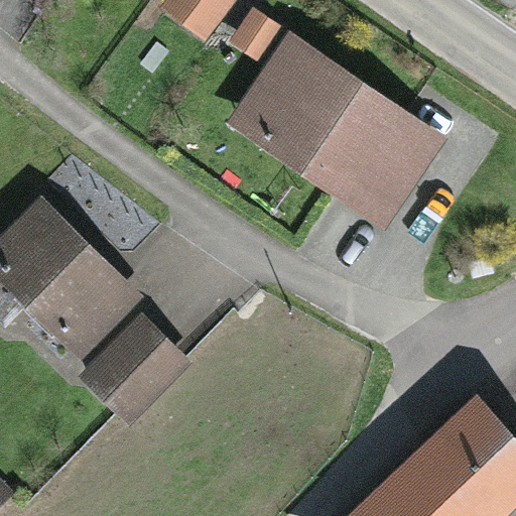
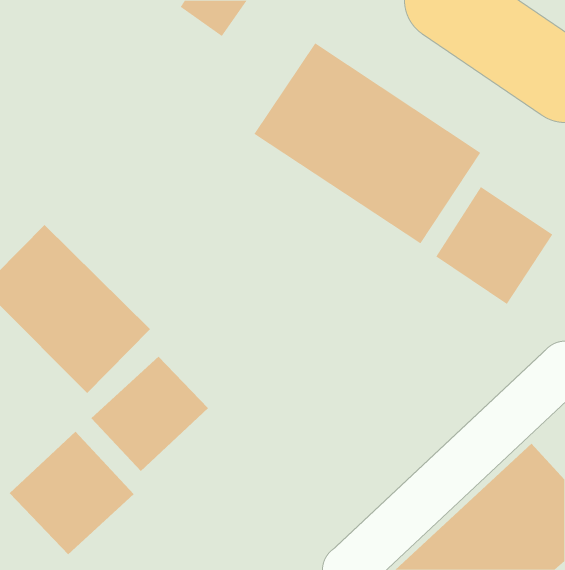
building: none -> [435,186,553,305]
building: none -> [9,431,135,555]

